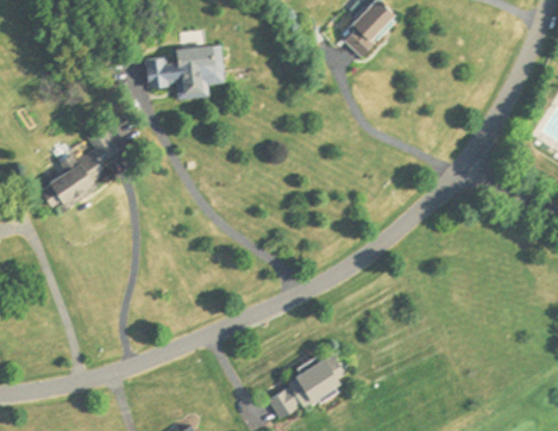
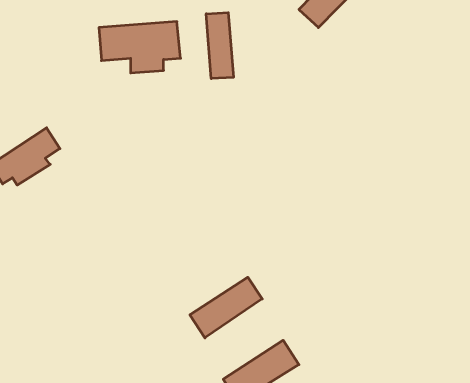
building: none -> [206,13,233,79]
building: none -> [190,277,262,338]

